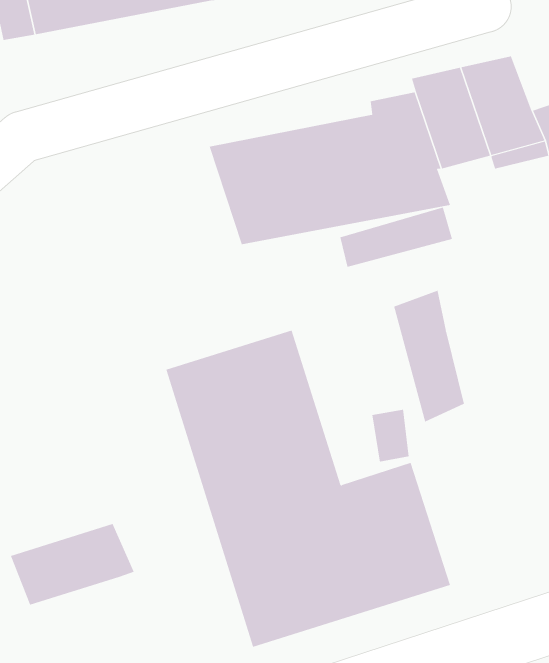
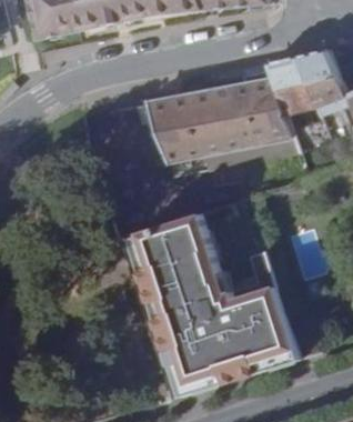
building: [394,290,464,423] -> none
building: [10,523,134,606] -> none

